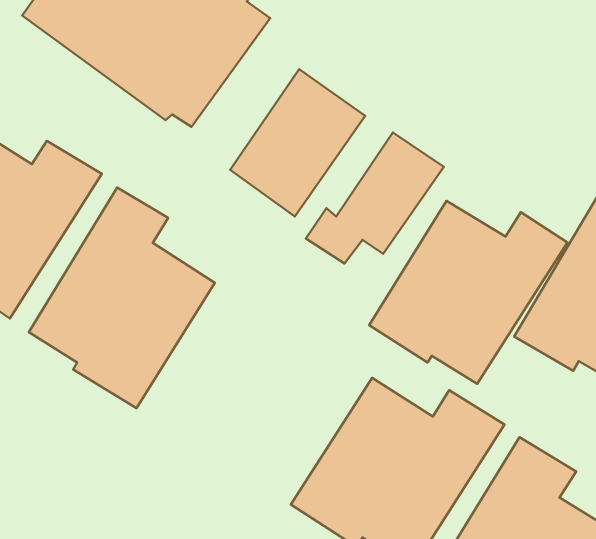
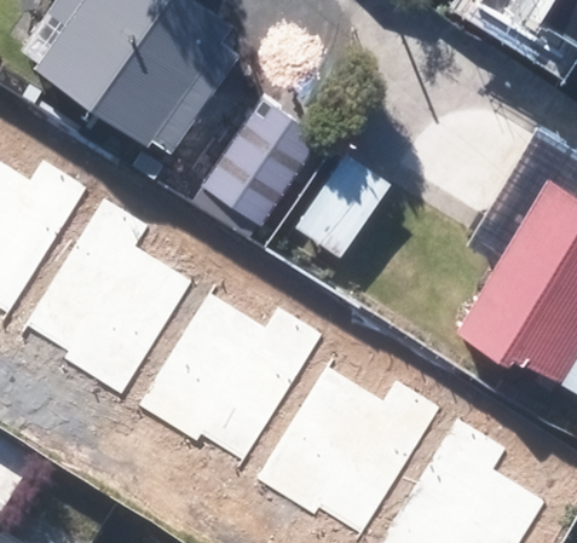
building: [369,201,567,384] -> none
building: none -> [139,294,319,461]

